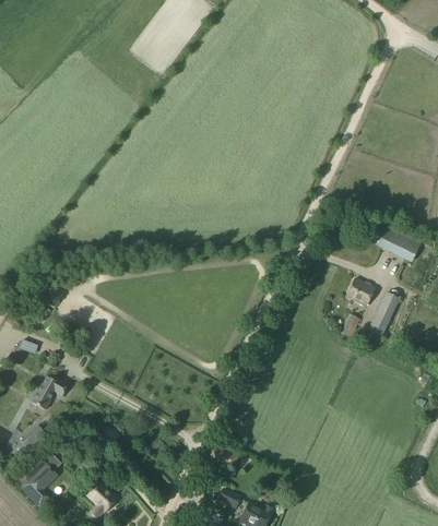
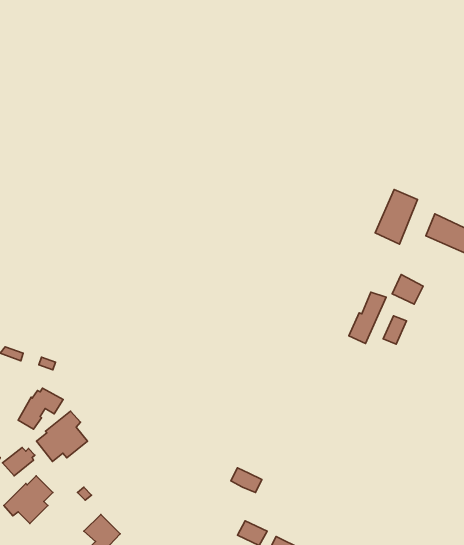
building: none -> [375,189,417,244]
building: [368,294,400,337] -> [349,292,386,344]
building: none -> [36,411,87,461]

